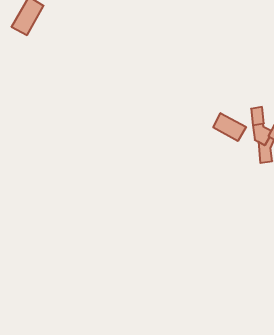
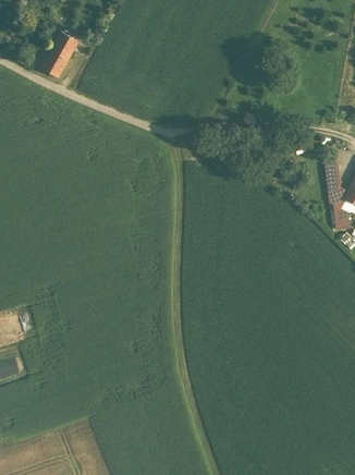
building: [213,113,246,141] -> none

